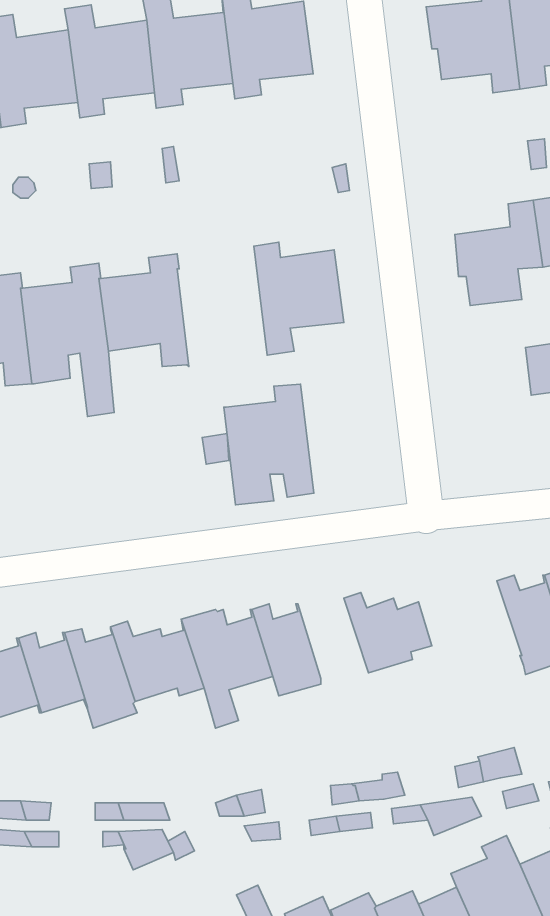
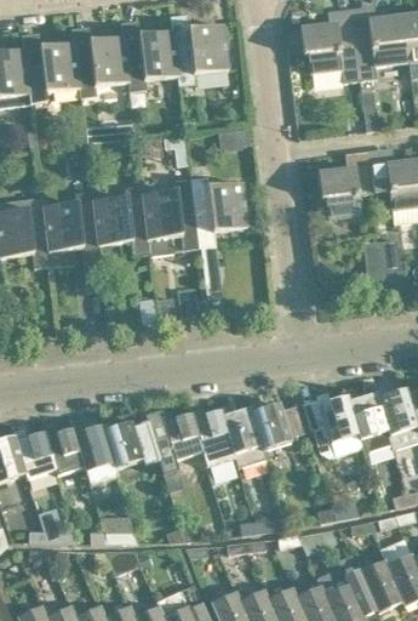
building: [224,384,314,505] -> [143,180,200,256]
building: none -> [303,392,362,456]
building: none -> [219,403,267,467]

